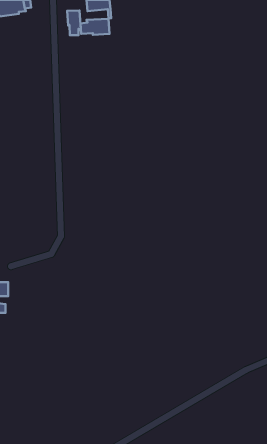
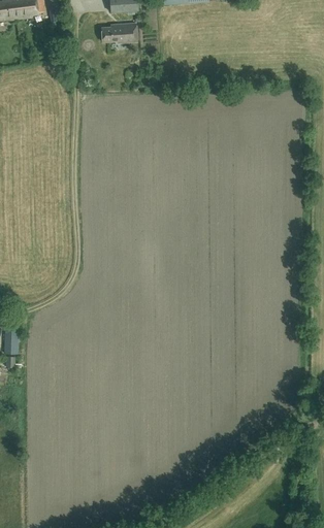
building: [67,10,81,35] -> none

